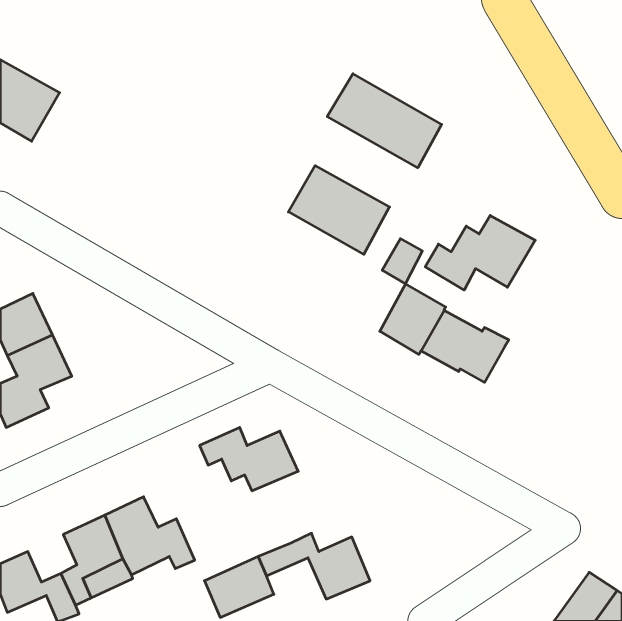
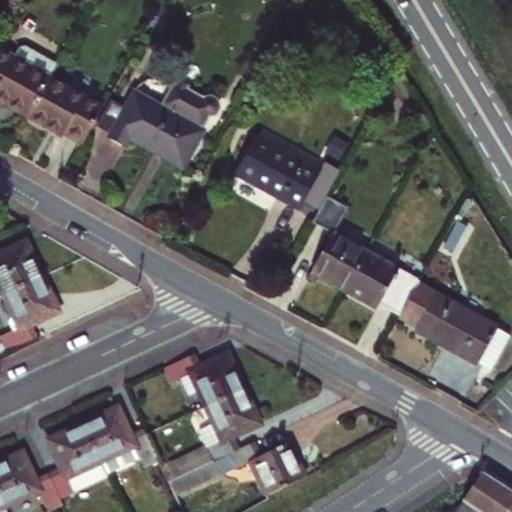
building: [327,74,442,168] -> none
building: none -> [26,76,103,141]
building: none -> [109,85,216,166]
building: [425,215,535,290] -> none
building: none -> [398,284,495,362]
building: none -> [162,387,260,477]

